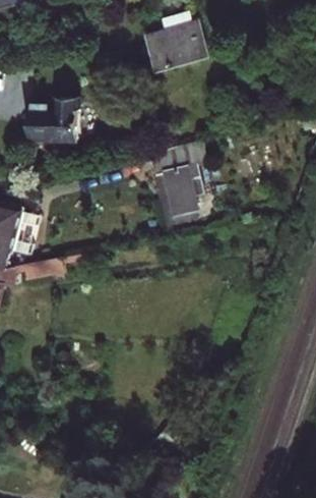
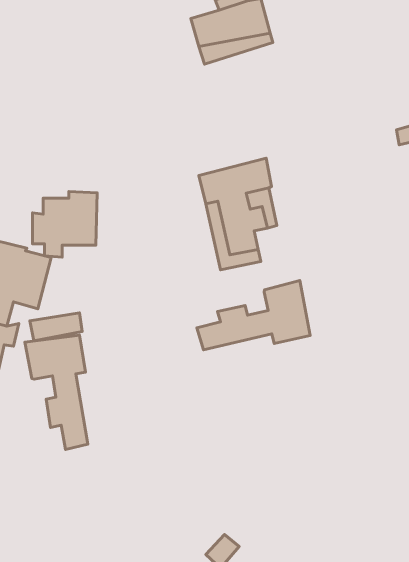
building: [29,98,78,148] -> [33,191,97,257]
building: none -> [197,281,310,350]
building: none -> [25,335,88,450]

